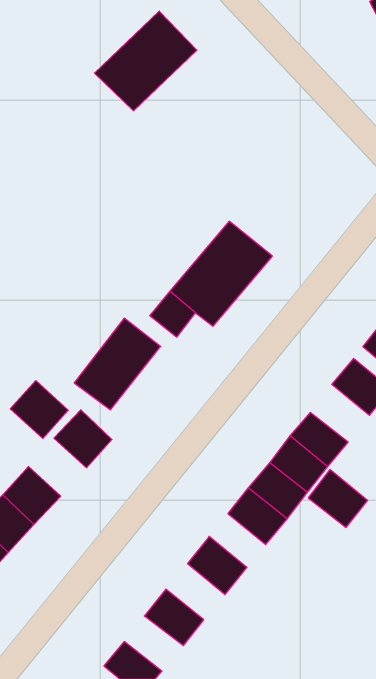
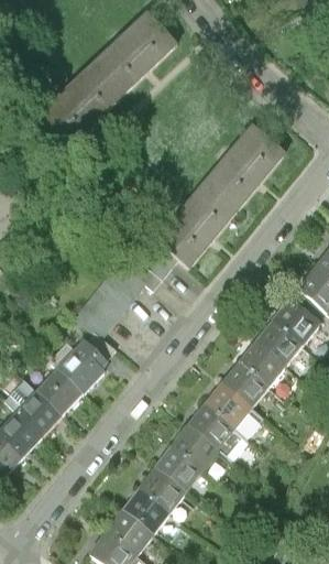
building: none -> [32,64,117,147]
building: none -> [195,128,278,214]
building: [10,381,68,438] -> [31,362,78,410]
building: [308,470,368,527] -> [261,318,309,366]
building: none -> [178,424,224,468]
building: none -> [143,465,191,511]
building: none -> [109,508,157,553]

